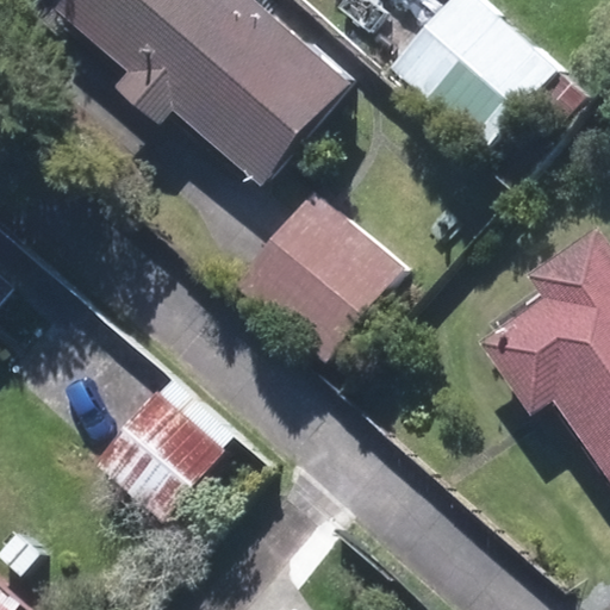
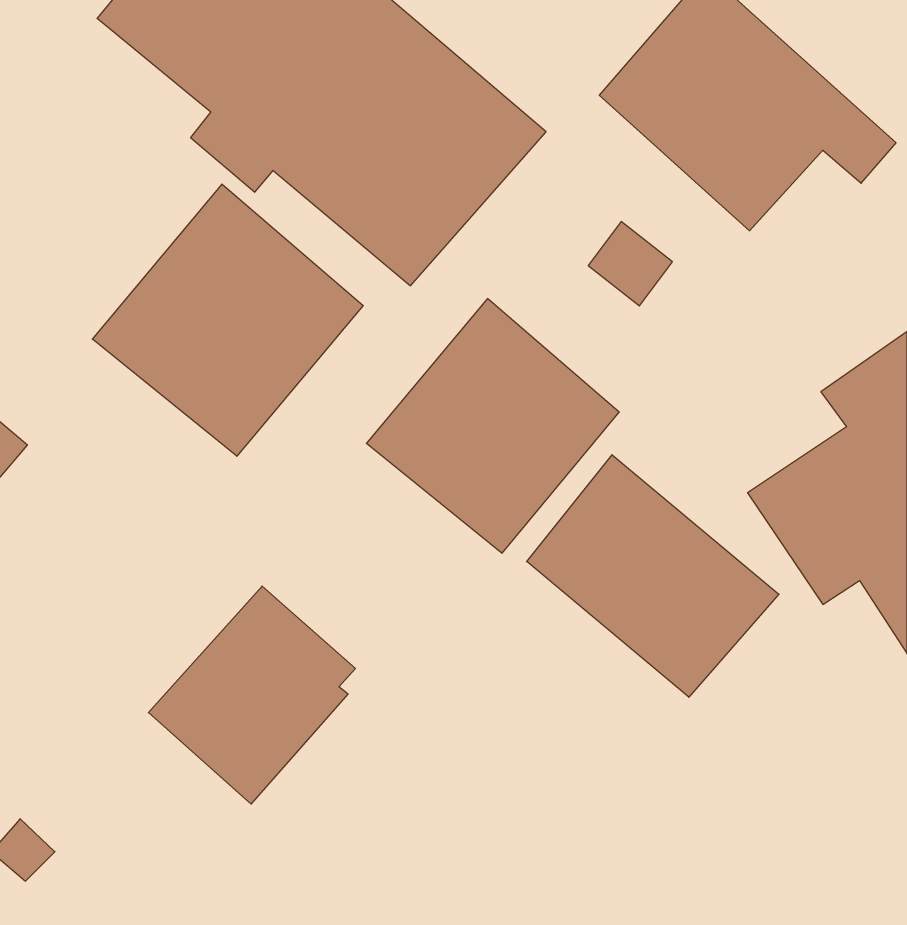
building: none -> [92,184,363,456]
building: none -> [527,455,779,697]

